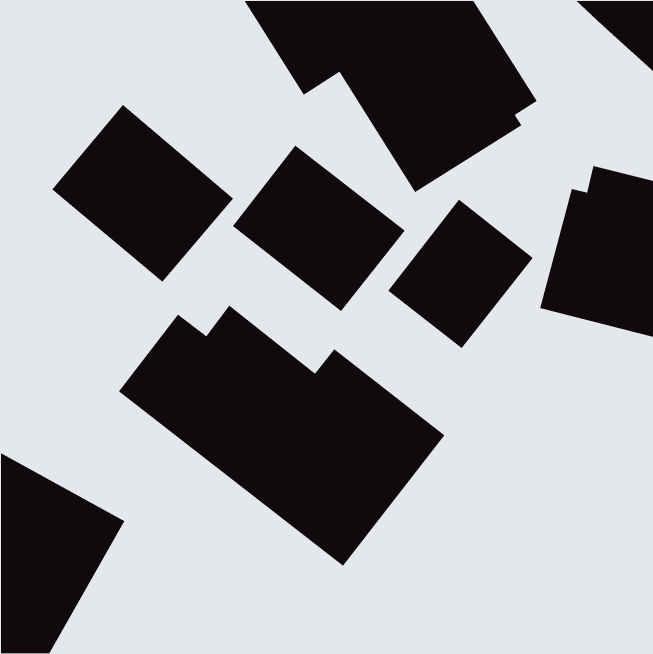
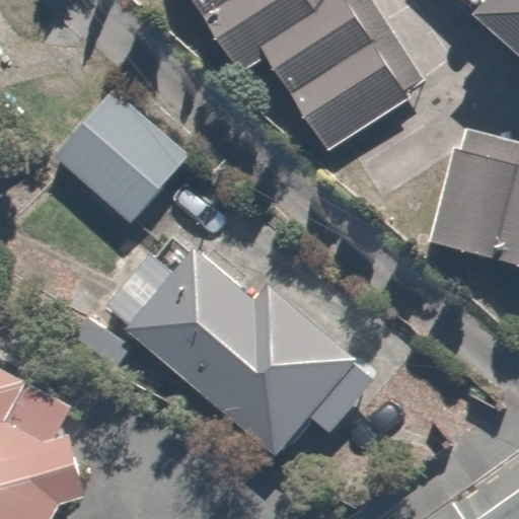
building: [232,145,406,312] -> none
building: [387,198,534,349] -> none

